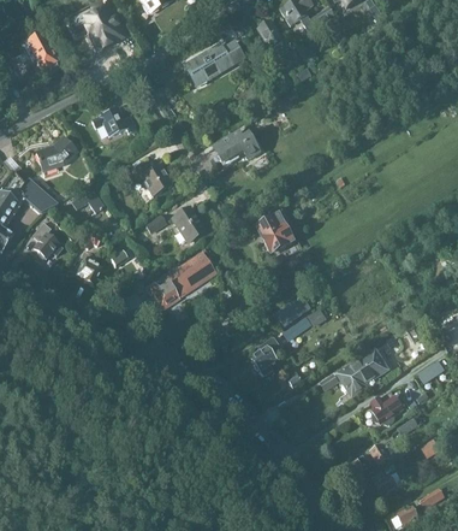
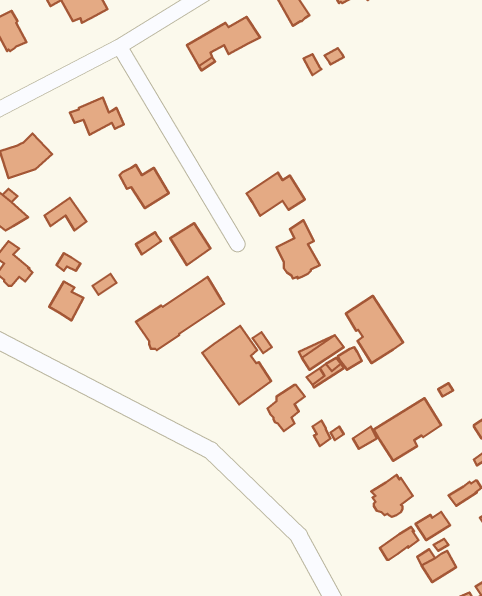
building: [215,128,262,163] -> [247,173,305,216]
building: none -> [346,296,403,363]
building: none -> [202,326,271,404]
building: [370,390,404,424] -> [371,475,413,517]

